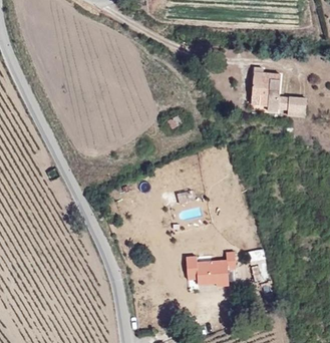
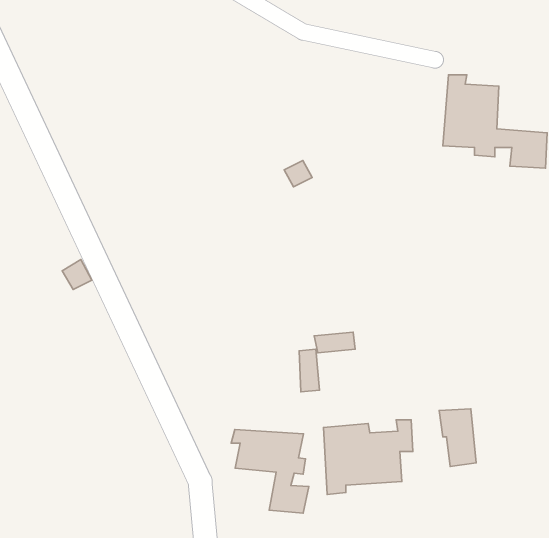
building: none -> [231,429,309,513]

